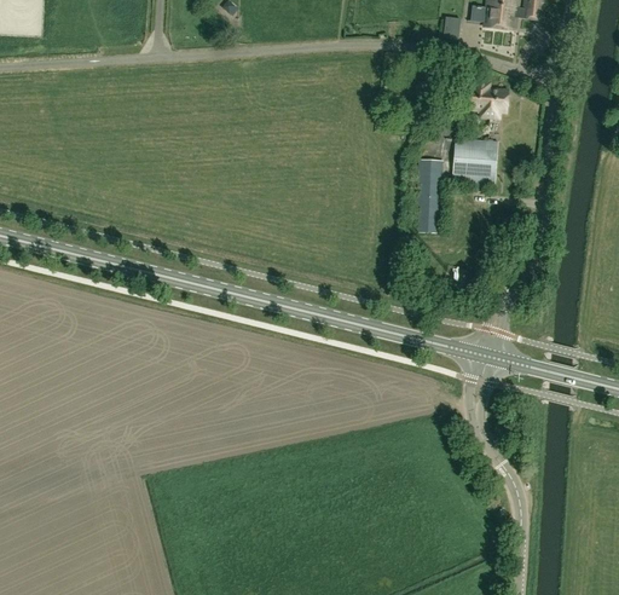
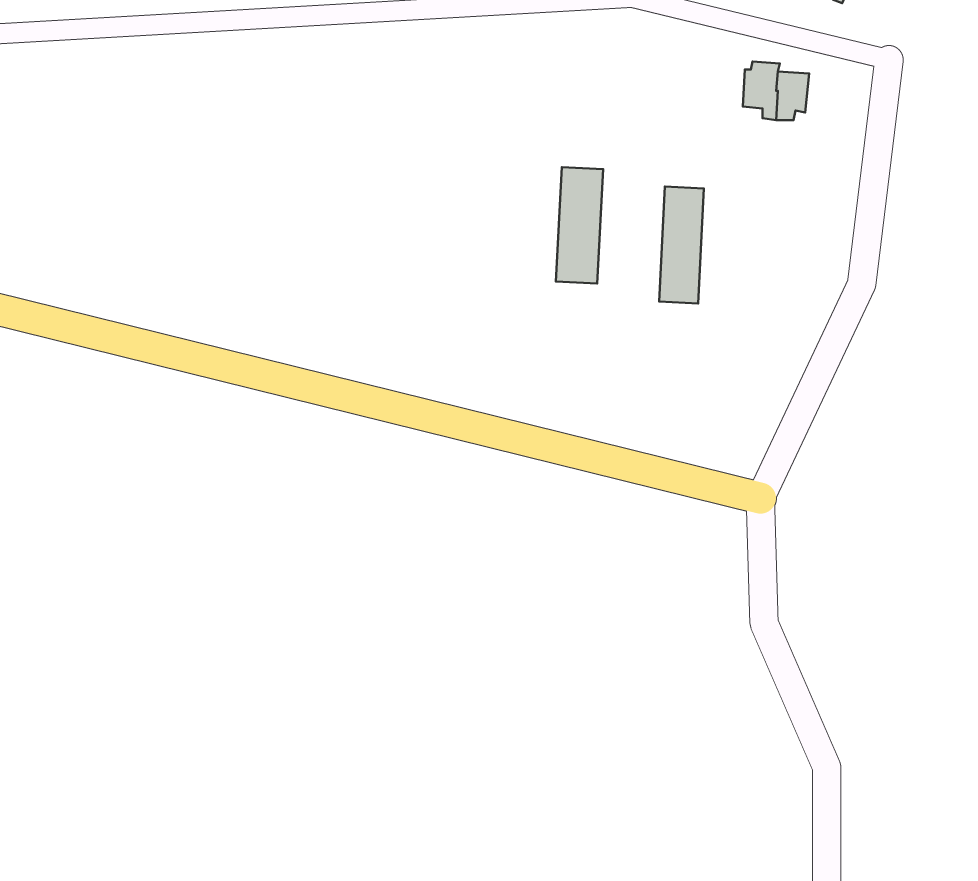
building: [451,137,497,181] -> none
building: none -> [556,167,603,284]

